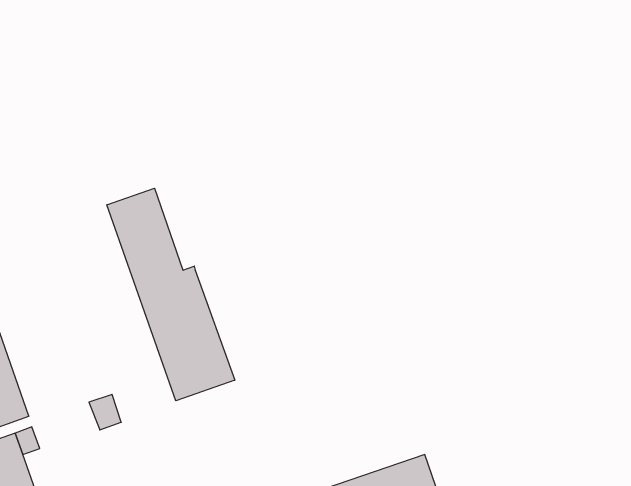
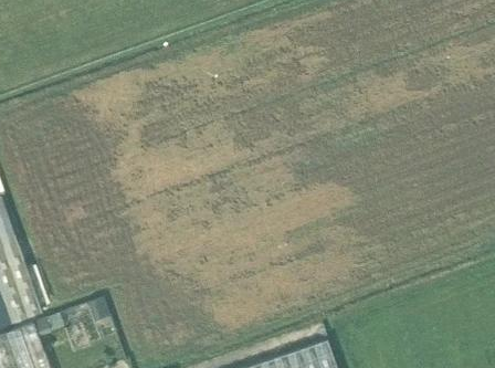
building: [107,188,235,401] -> none

